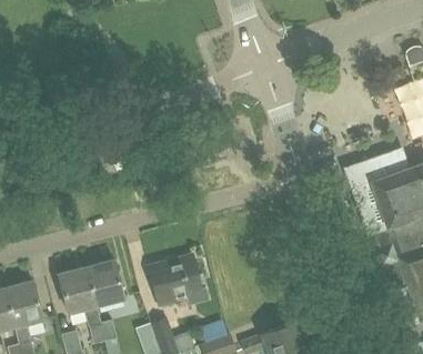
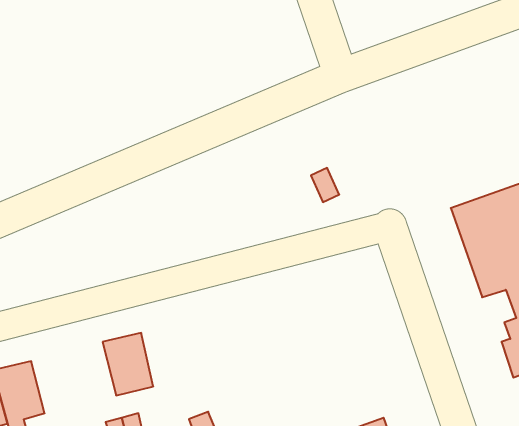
building: [148,254,207,306] -> none
building: [58,265,95,312] -> none

